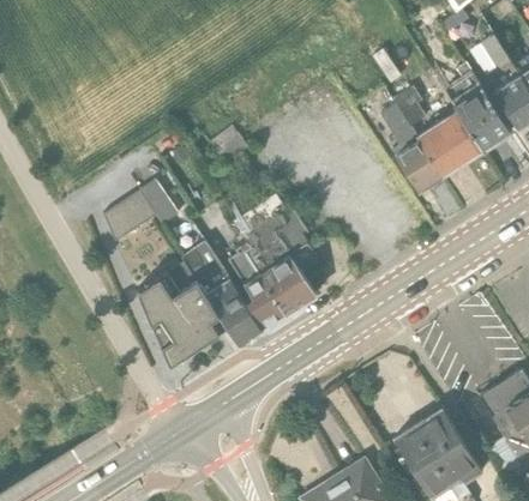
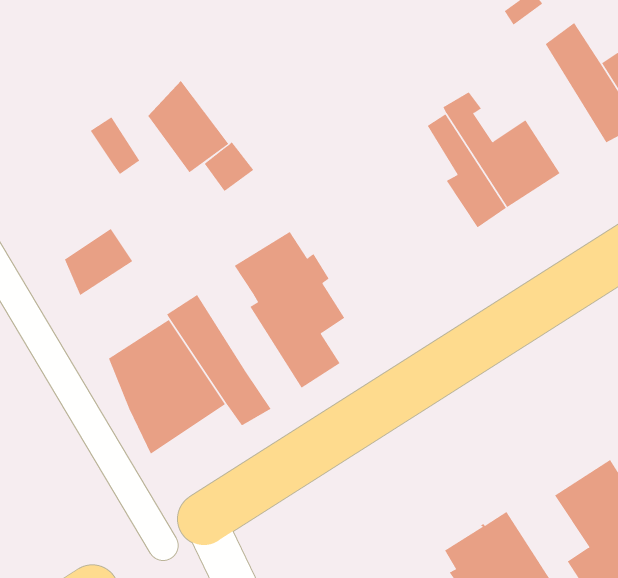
building: [445,62,512,149] -> none
building: none -> [147,80,229,173]
building: [140,180,179,224] -> [90,117,140,175]
building: [230,241,285,328] -> none

